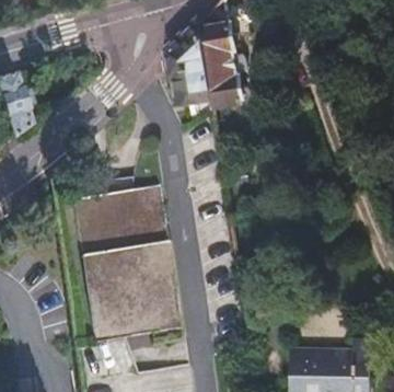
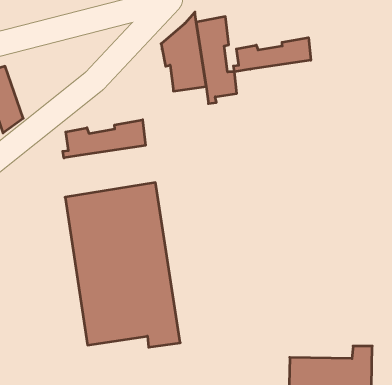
building: none -> [233,38,311,72]
building: none -> [63,120,145,158]

